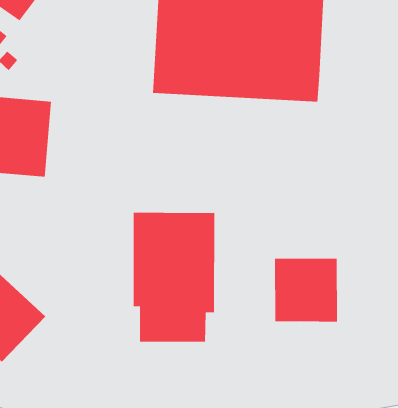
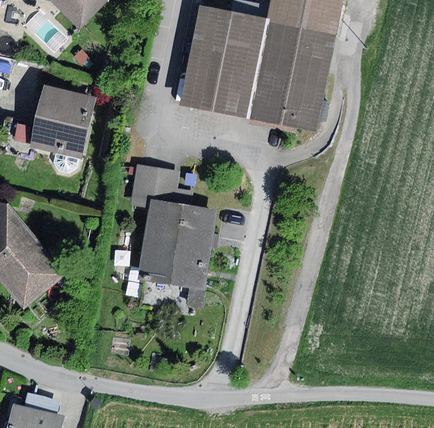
building: none -> [131,163,180,202]
building: [275,258,337,322] -> none

